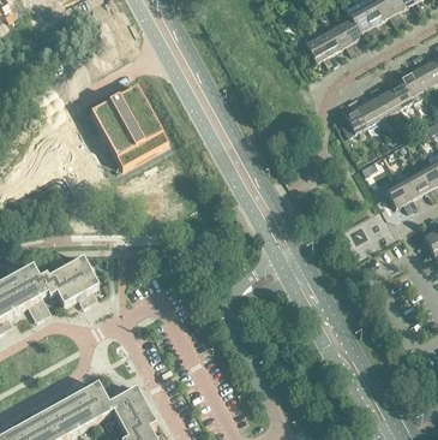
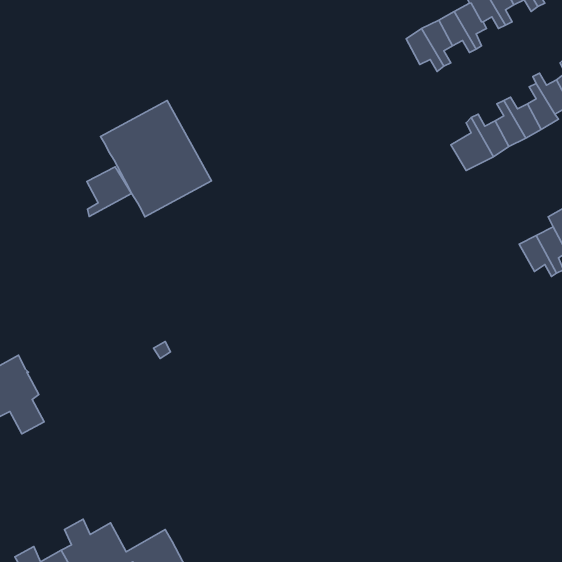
building: none -> [87,167,132,216]
building: [40,257,100,305] -> none

